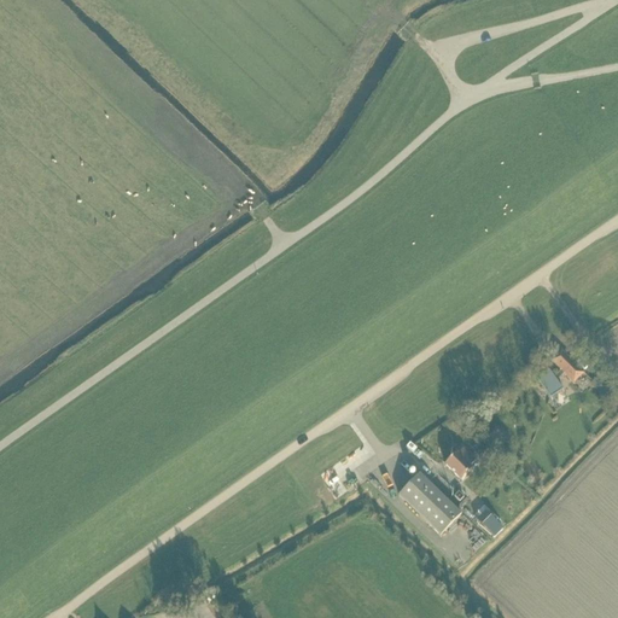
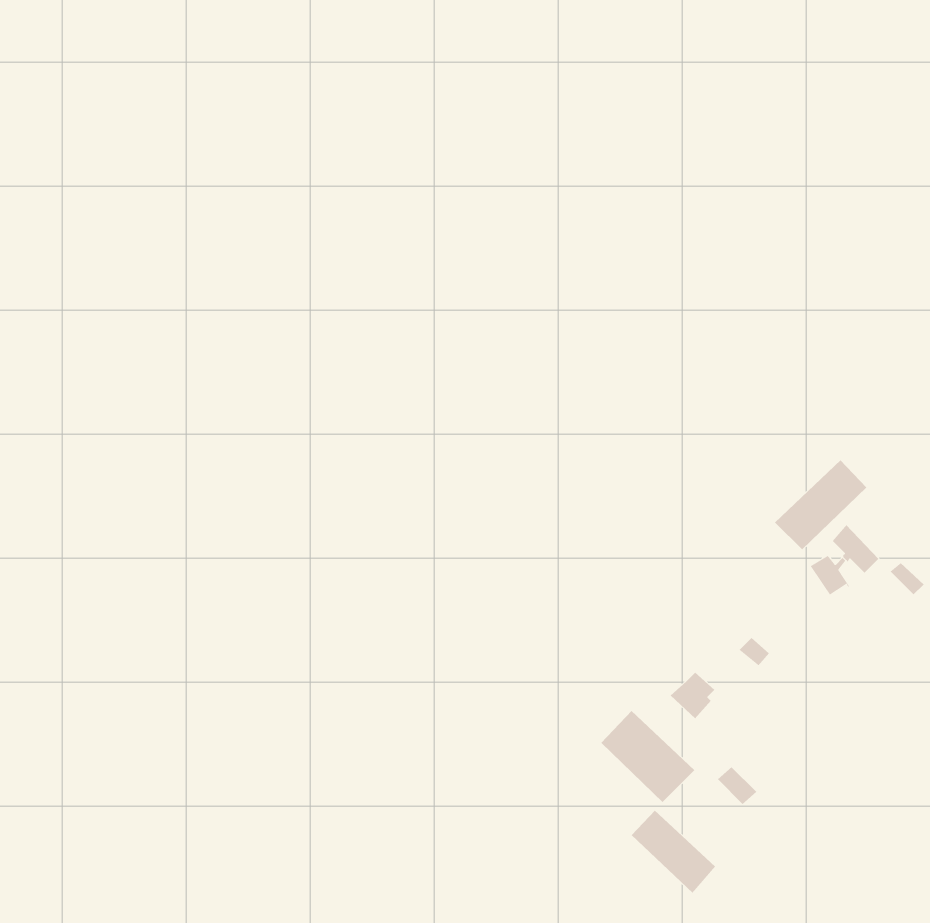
building: none -> [774,459,867,550]
building: none -> [631,810,716,893]

